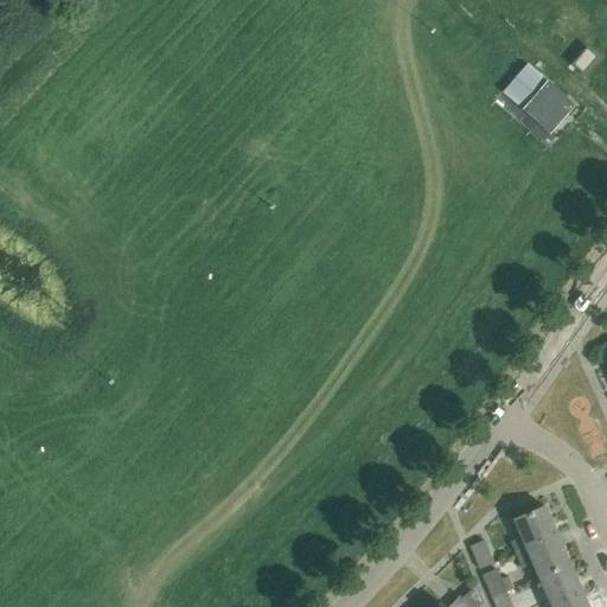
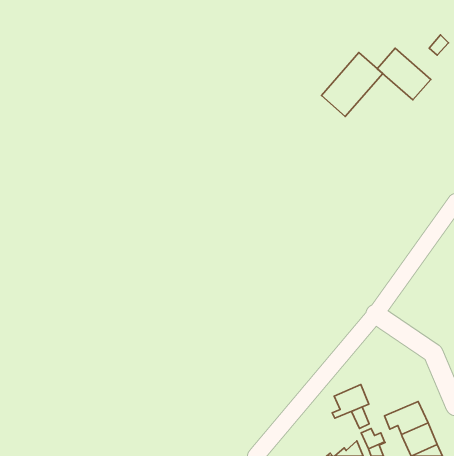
building: none -> [321,53,383,117]
building: [510,507,558,552] -> [332,384,369,418]

